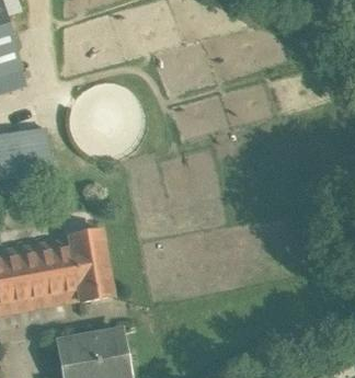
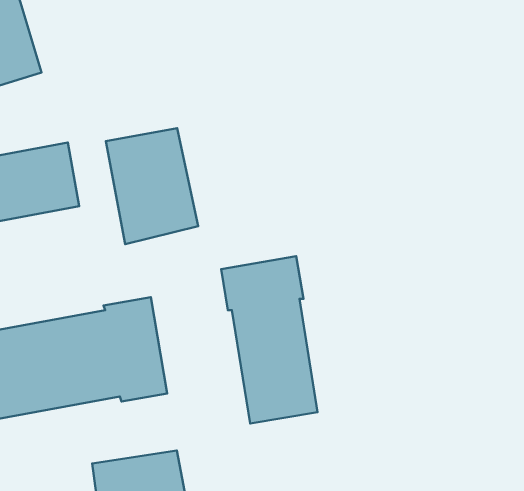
building: none -> [106,128,198,244]
building: none -> [221,256,317,424]

